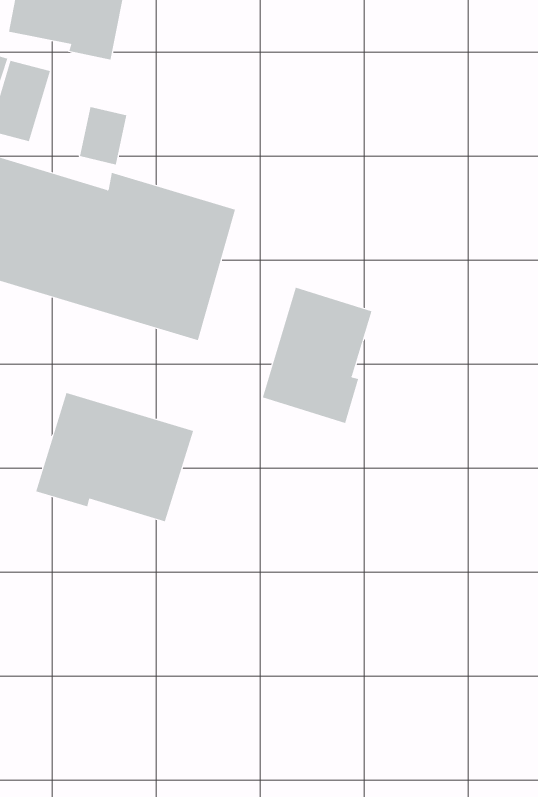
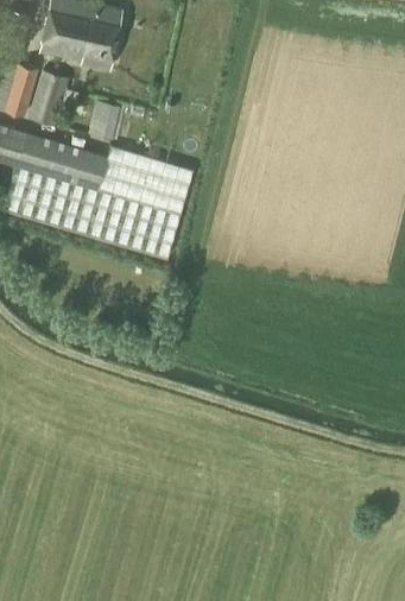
building: [262,287,372,424] -> none
building: [35,392,194,522] -> none

